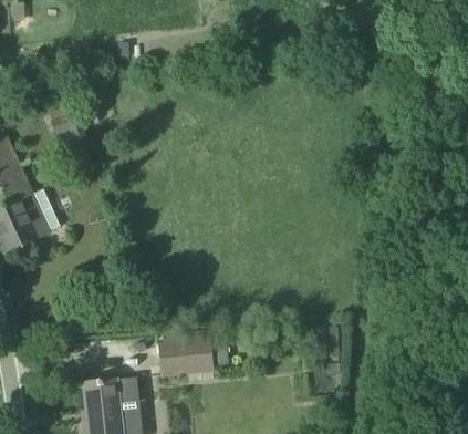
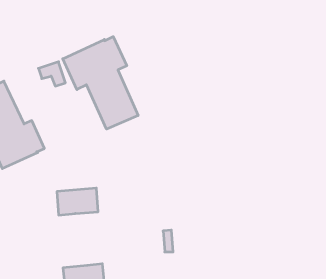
building: none -> [63,37,138,129]
building: [159,339,214,374] -> [57,188,98,215]

